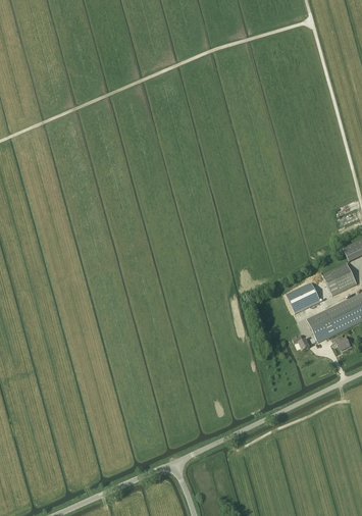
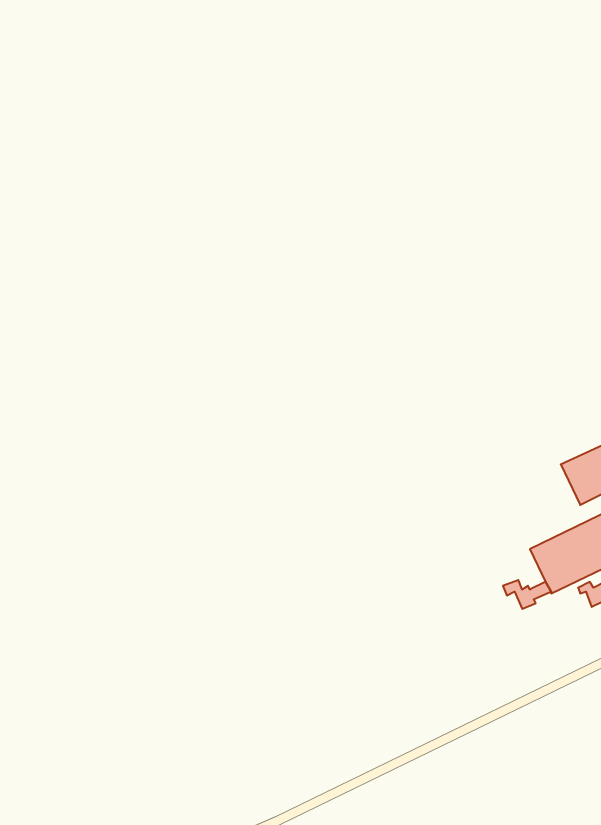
building: [286,281,320,312] -> none

